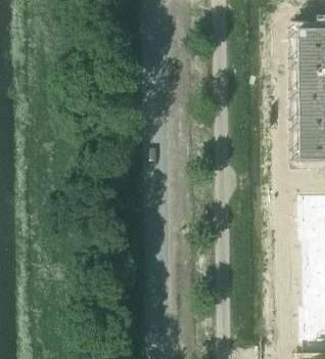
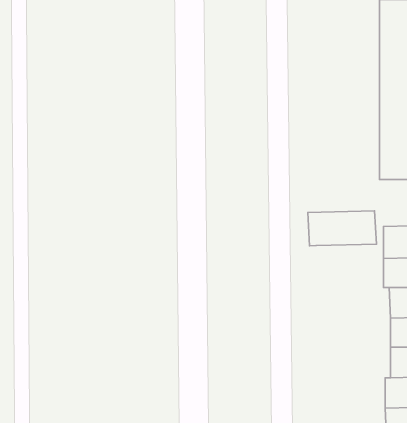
building: none -> [308,211,376,246]

